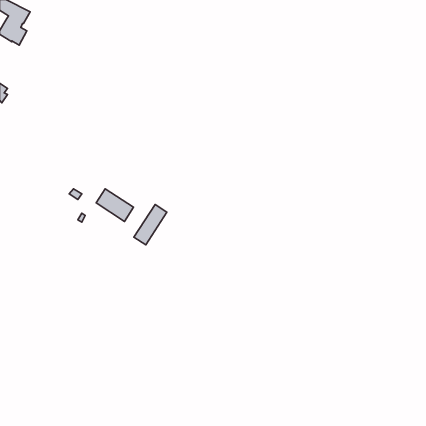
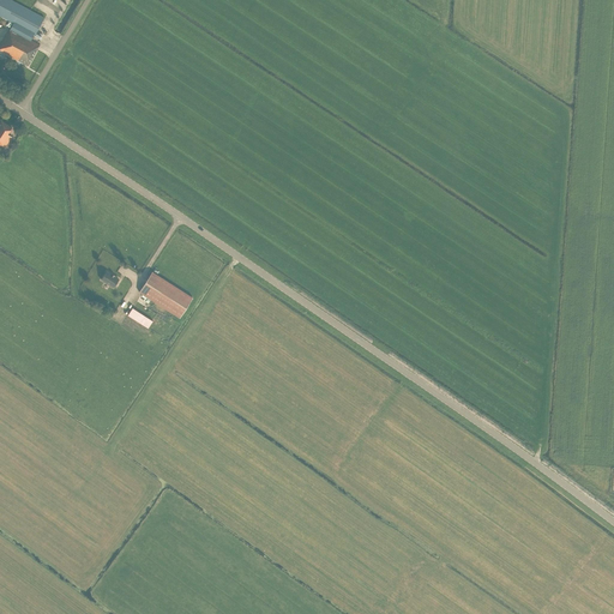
building: [134,204,167,245] -> none

